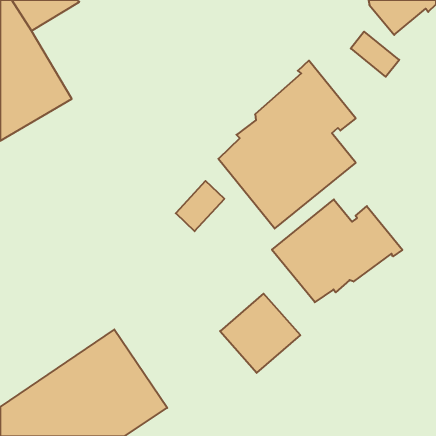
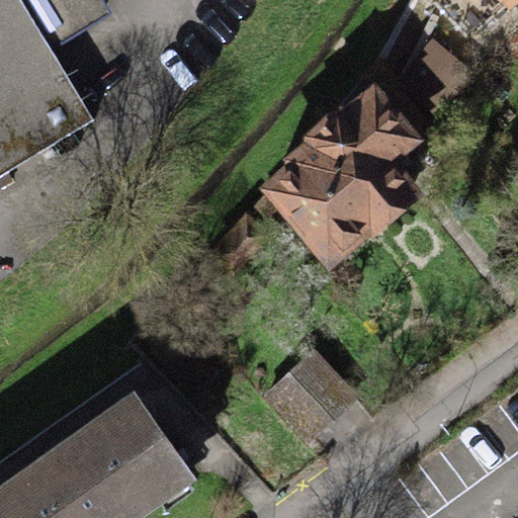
building: [272,199,402,302] -> none

